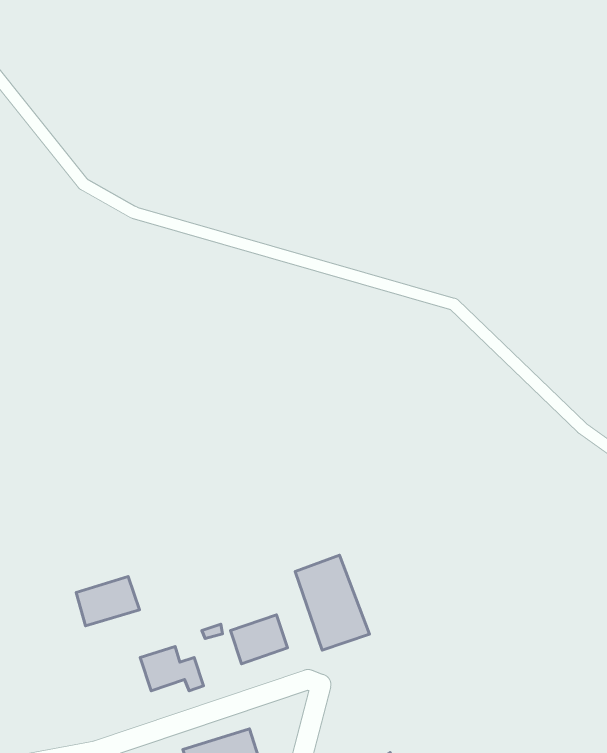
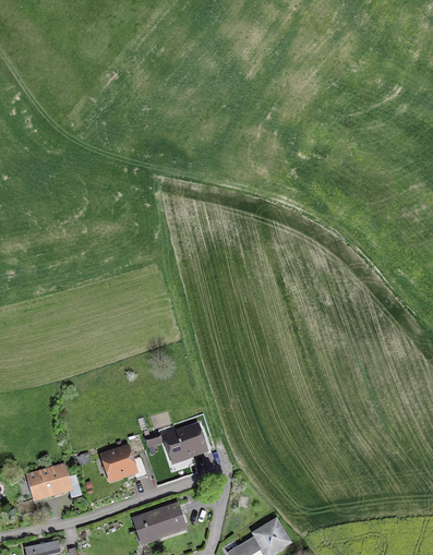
building: [295,555,369,650] -> none
building: [76,577,139,626] -> [26,464,70,498]

